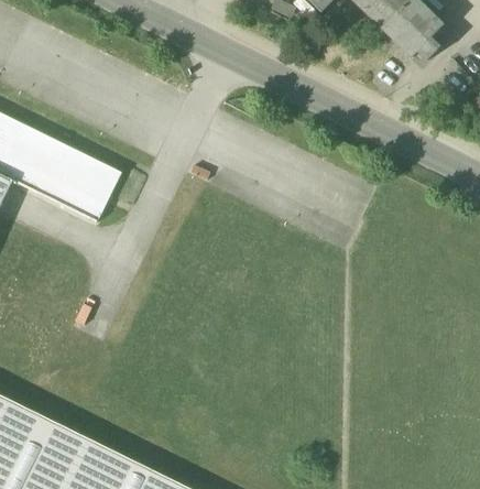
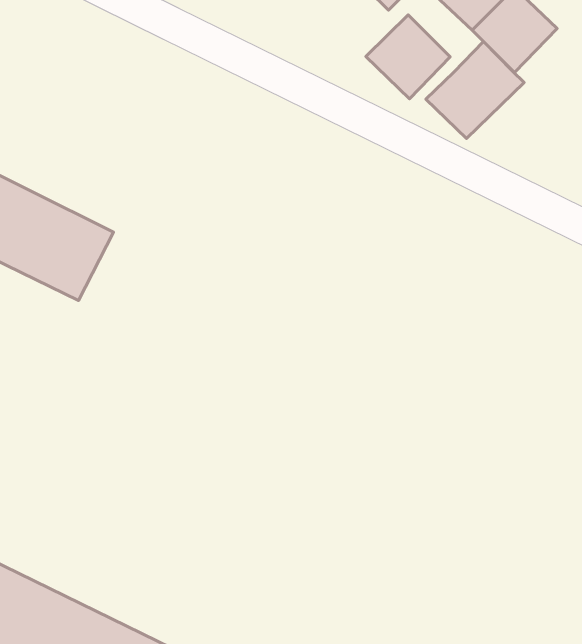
building: none -> [366,15,450,99]
building: none -> [426,42,524,139]

